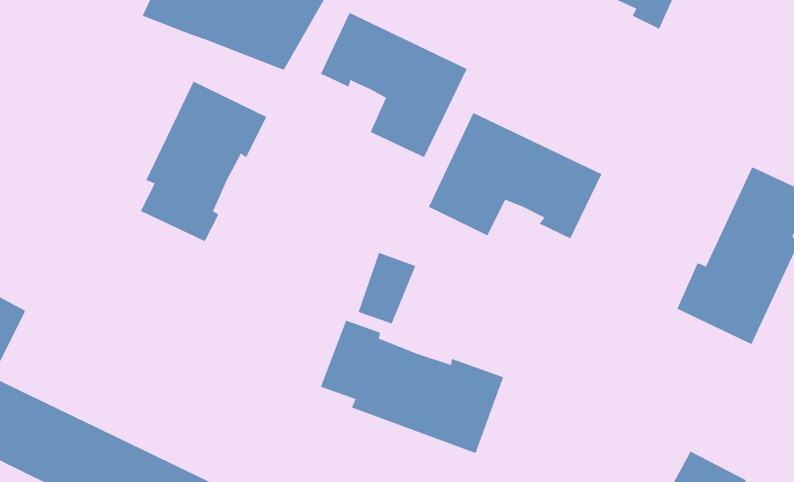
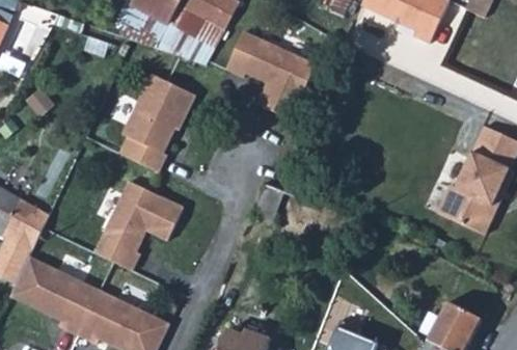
building: [428,112,602,239] -> none
building: none -> [93,180,182,269]
building: [320,320,504,454] -> none

